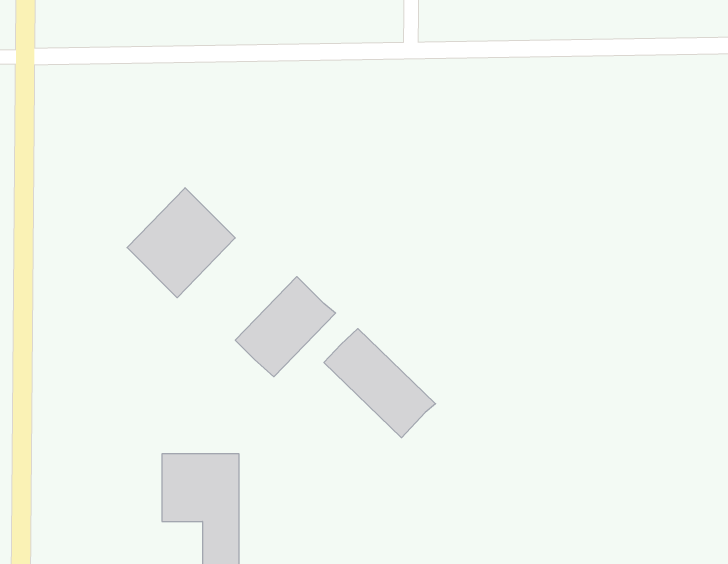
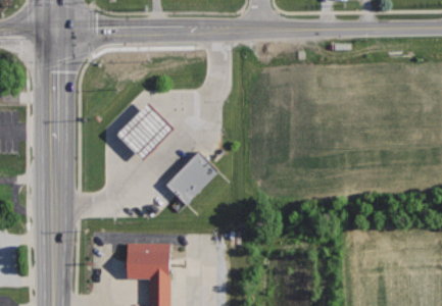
building: [324,329,436,438] -> none

